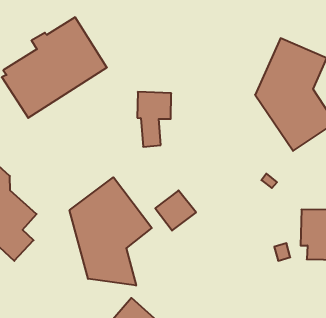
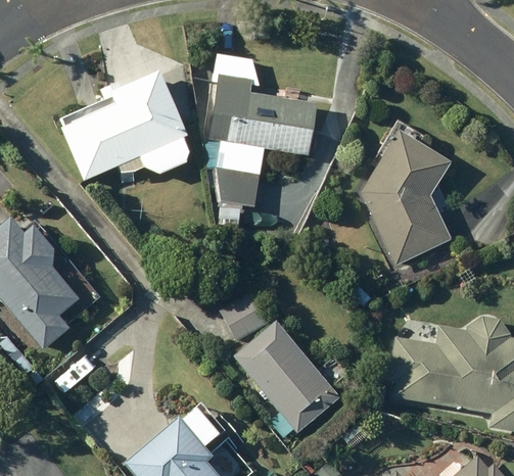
building: none -> [207,75,316,162]
building: [70,177,152,286] -> none
building: none -> [233,320,339,438]

